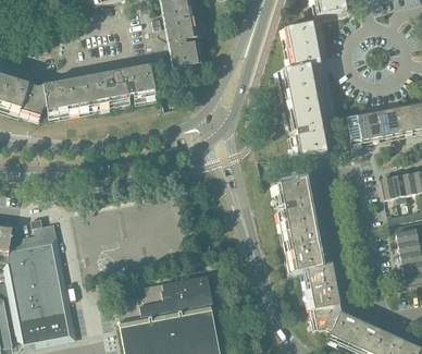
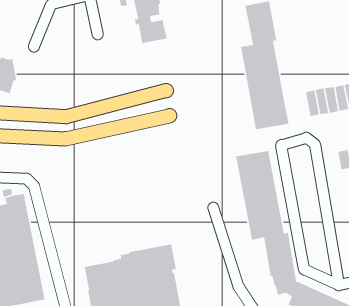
building: [42,61,157,119] -> none

